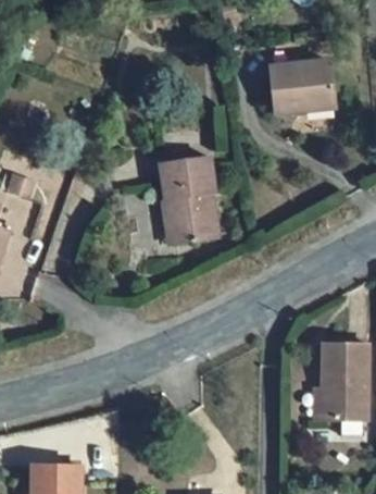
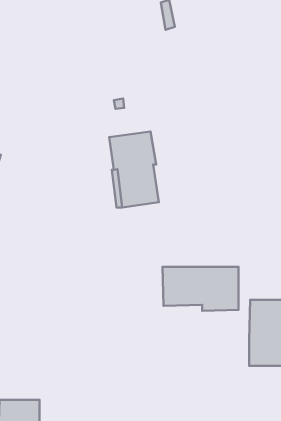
building: [267,59,335,112] -> none
building: none -> [163,267,239,311]

